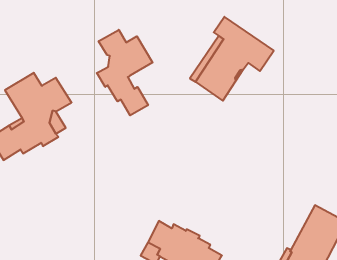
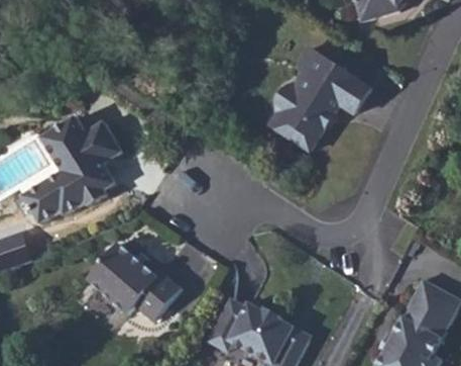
building: [97,30,153,115] -> none
building: none -> [88,243,181,322]

